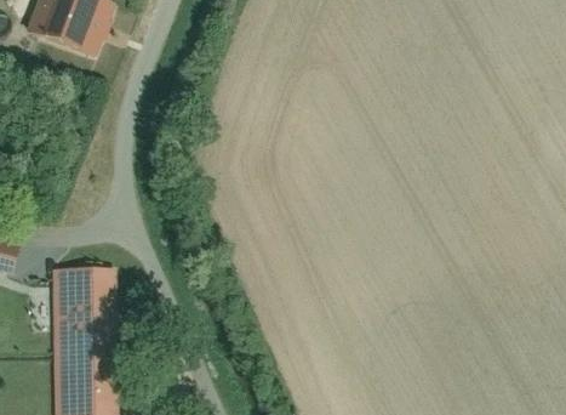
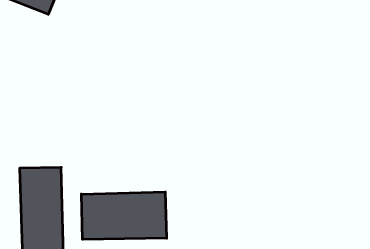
building: none -> [81,192,167,239]

